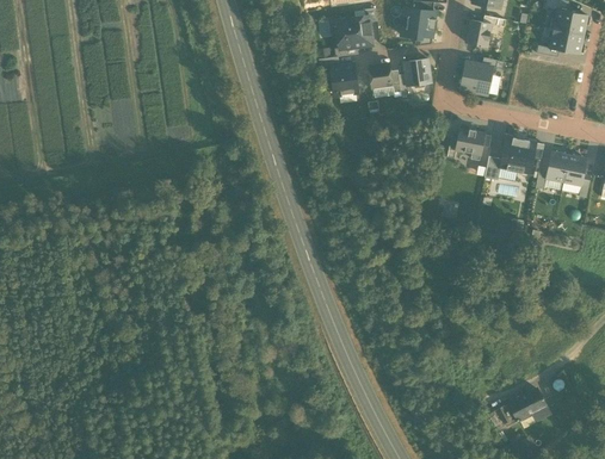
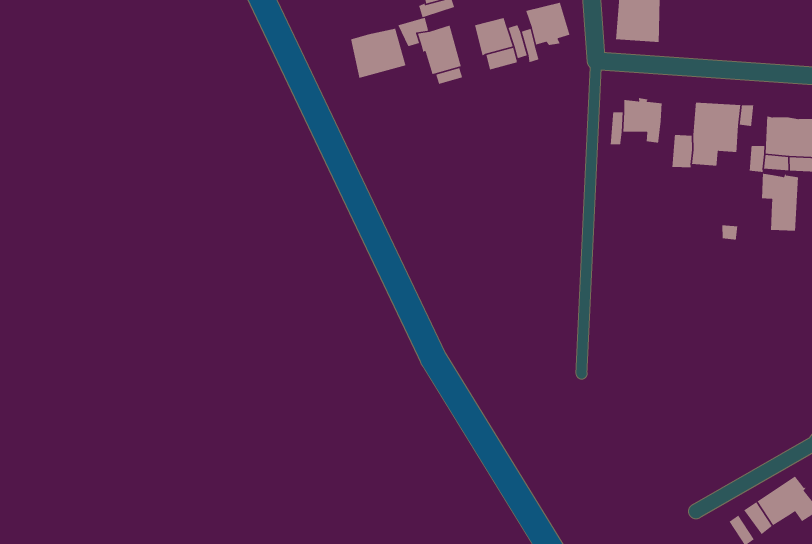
building: none -> [350,28,406,79]
building: none -> [761,173,799,232]

